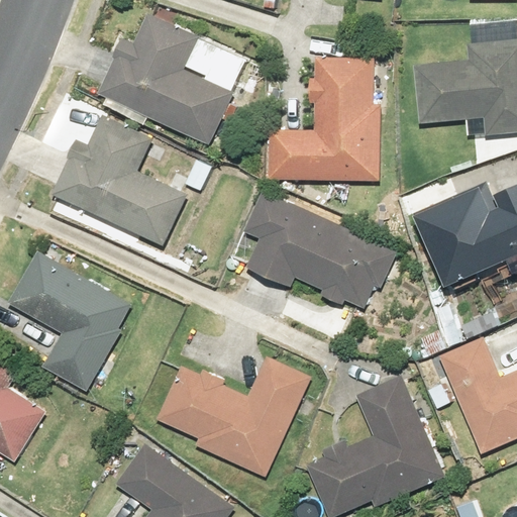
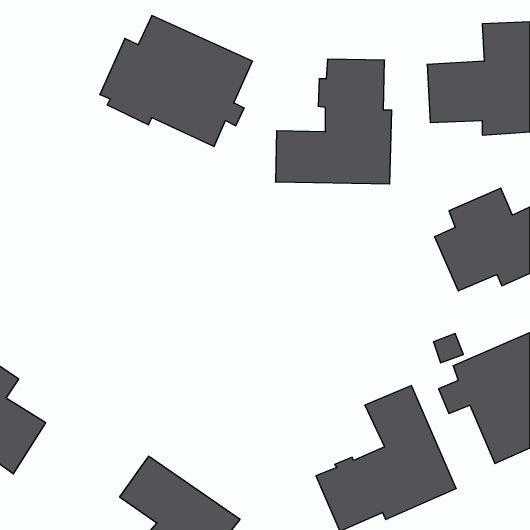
building: [51,117,186,245] -> none
building: [244,193,396,305] -> none
building: [9,252,129,389] -> none
building: [159,357,308,476] -> none

